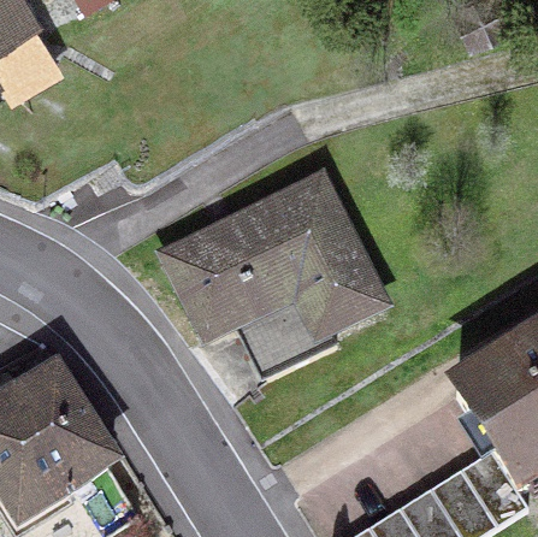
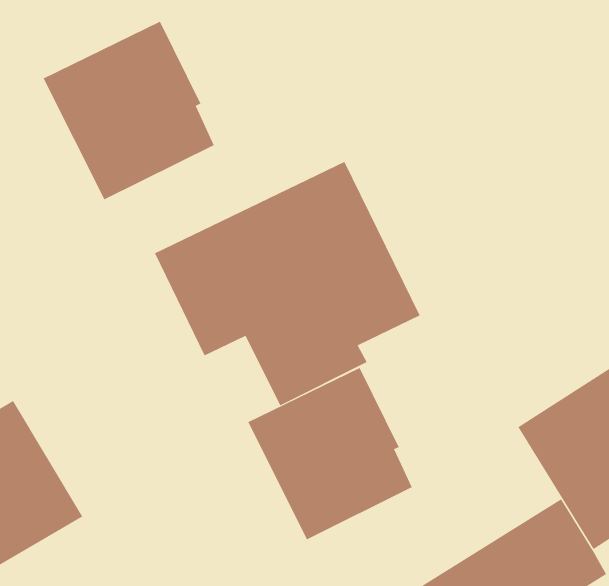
building: none -> [43,21,215,200]
building: none -> [248,367,412,540]

